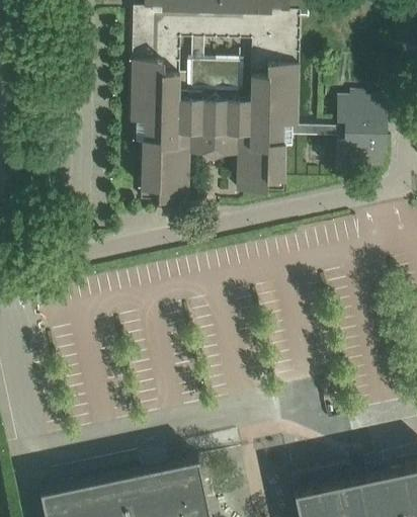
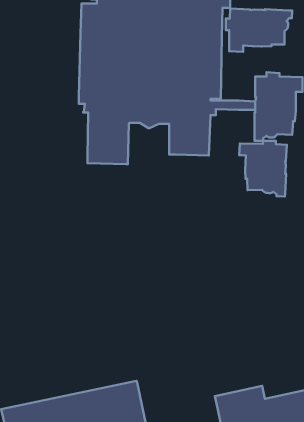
building: none -> [226,8,292,52]
building: none -> [239,141,287,196]

